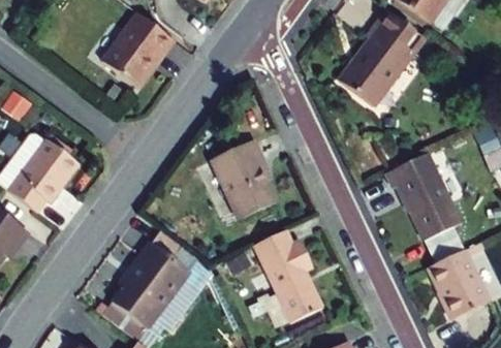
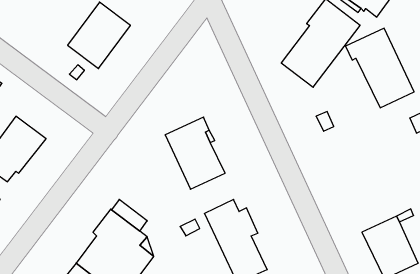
building: [385,152,461,240] -> [346,28,414,108]

